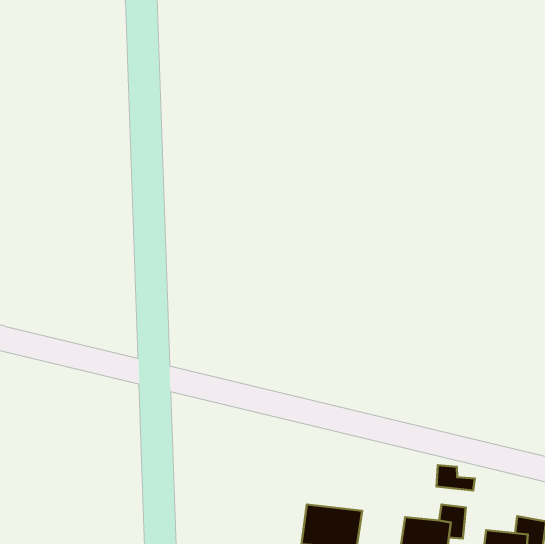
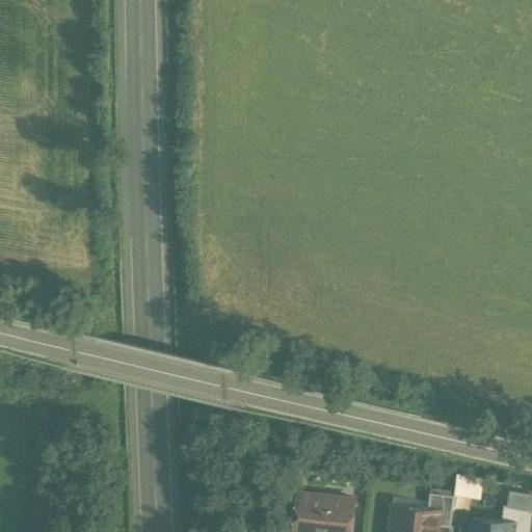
building: [436,465,475,490] -> none

